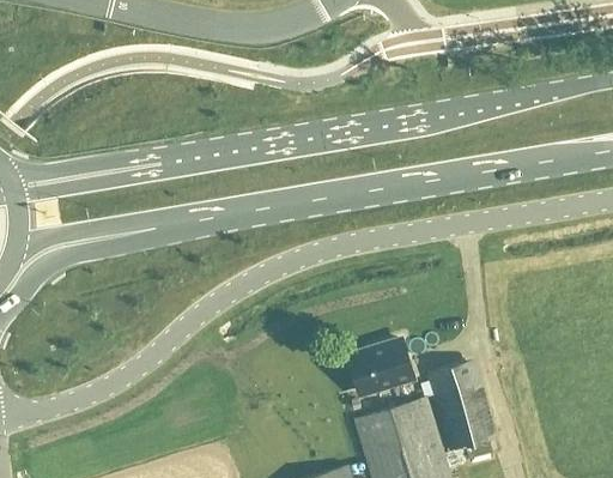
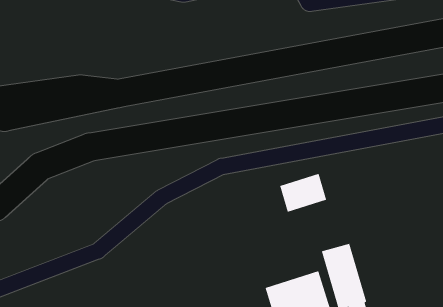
building: [350,340,413,393] -> [279,173,327,213]

